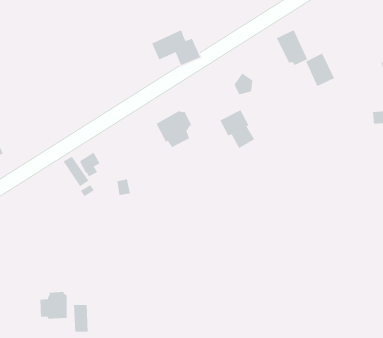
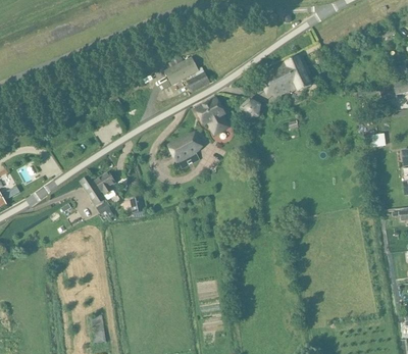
building: [305,52,335,87] -> [264,63,293,96]
building: [219,109,255,149] -> [196,98,230,136]
building: [39,291,68,320] -> none

